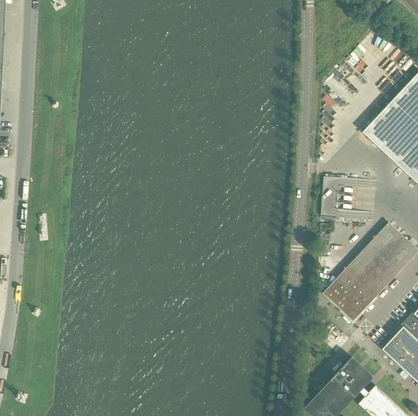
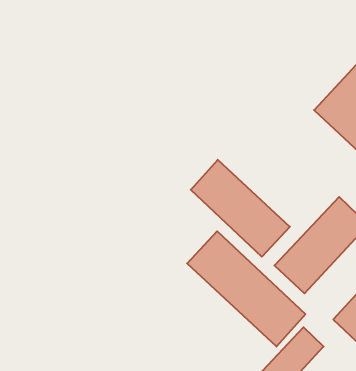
building: none -> [191,160,290,257]
building: none -> [187,231,305,347]

